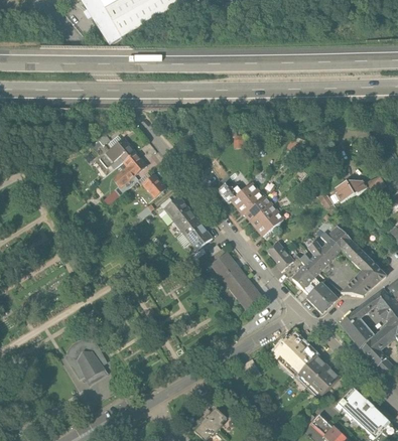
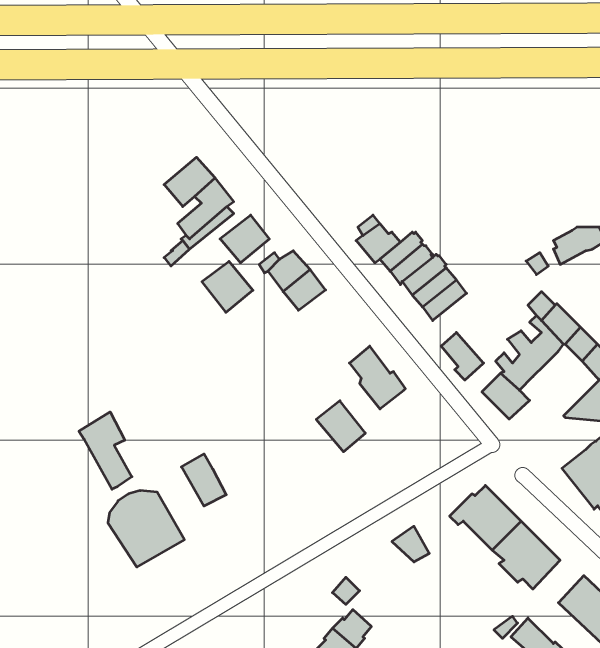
building: [182,217,213,248] -> [202,261,253,312]
building: [231,277,260,307] -> [316,401,365,452]
building: [305,282,336,312] -> none
building: none -> [79,412,132,489]
building: none -> [181,454,226,506]

